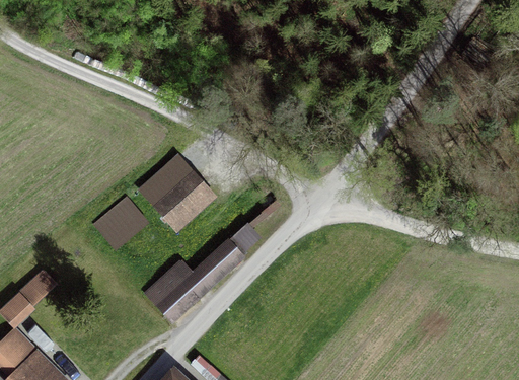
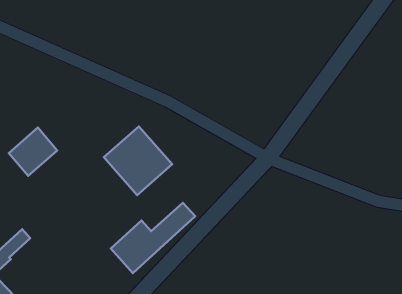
building: [93,195,149,250] -> [9,128,57,176]

